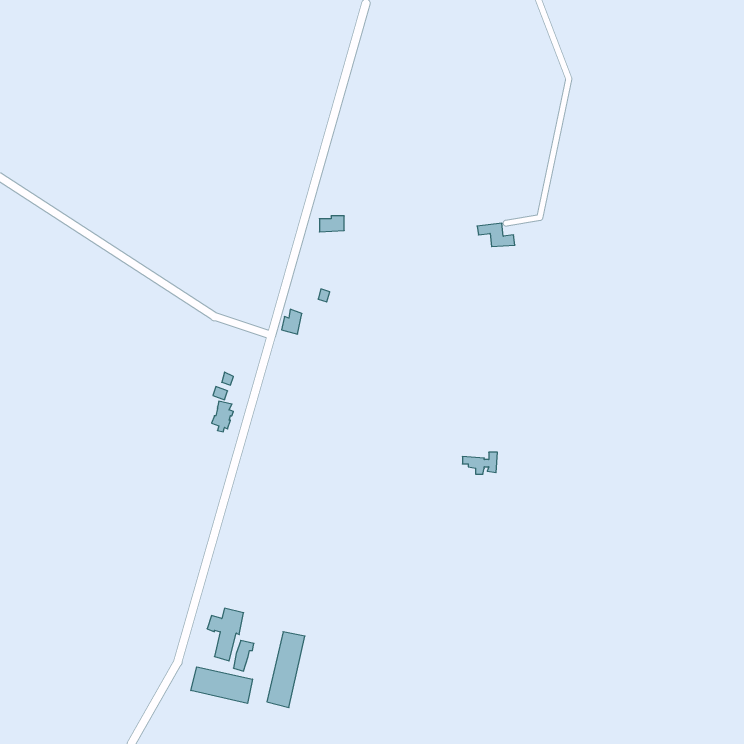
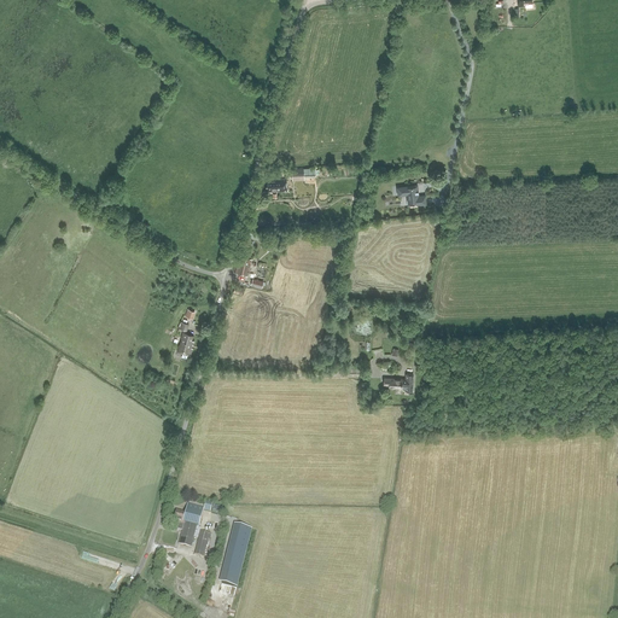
building: [191,667,252,703] -> none

